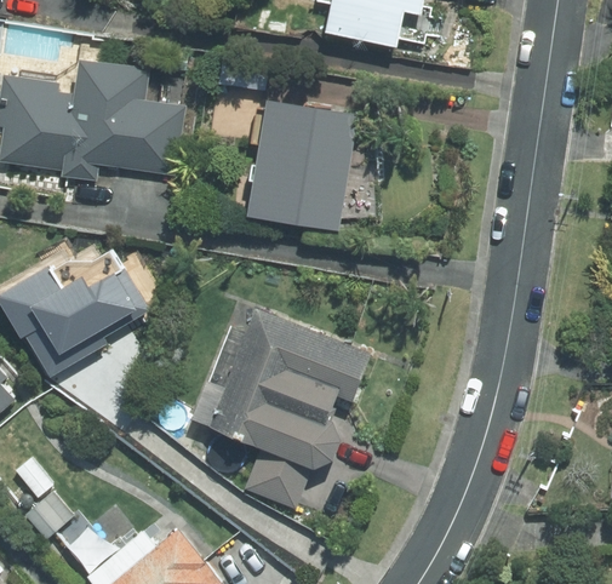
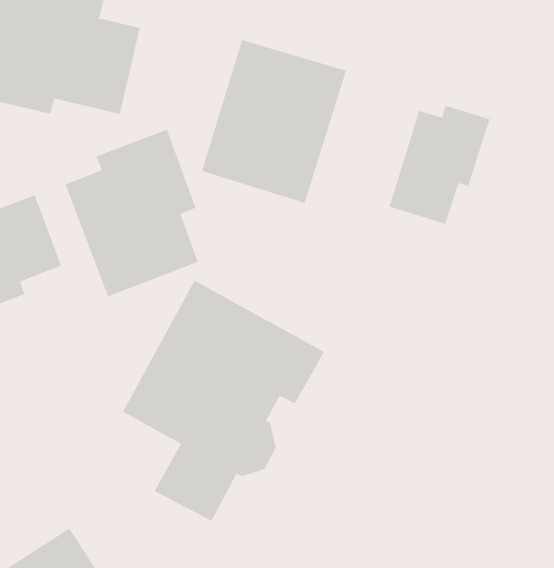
building: none -> [389,105,490,224]
building: none -> [65,129,199,297]

